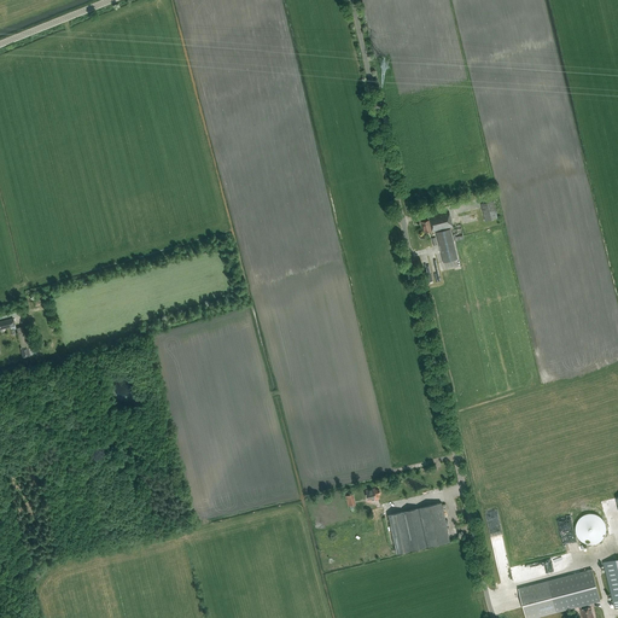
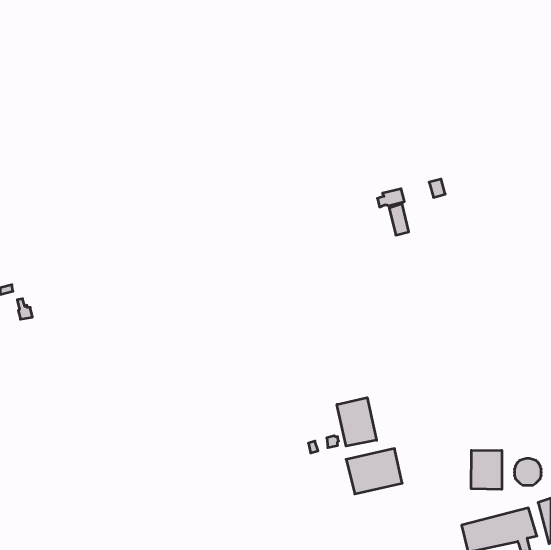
building: none -> [337,398,377,446]
building: none -> [471,450,502,489]

